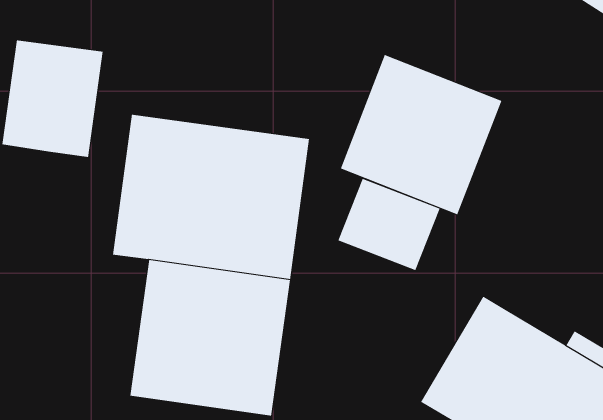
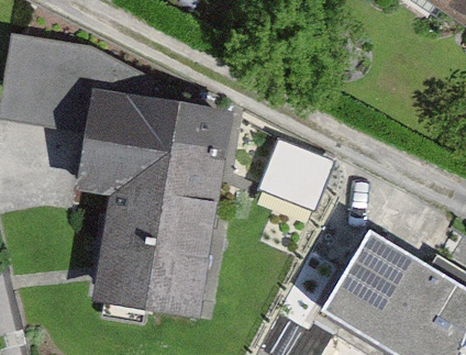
building: [340,54,502,215] -> none

